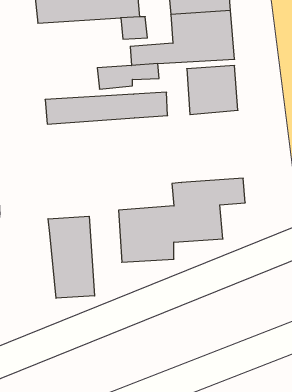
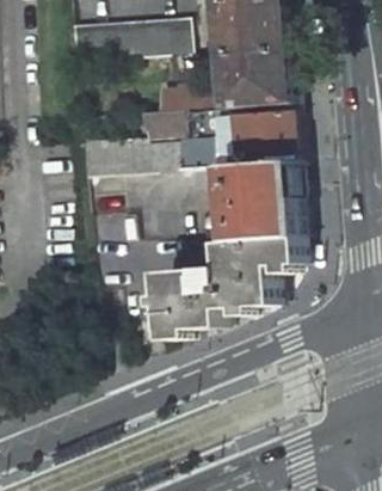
building: none -> [222,158,297,239]
building: [48,216,95,298] -> none

